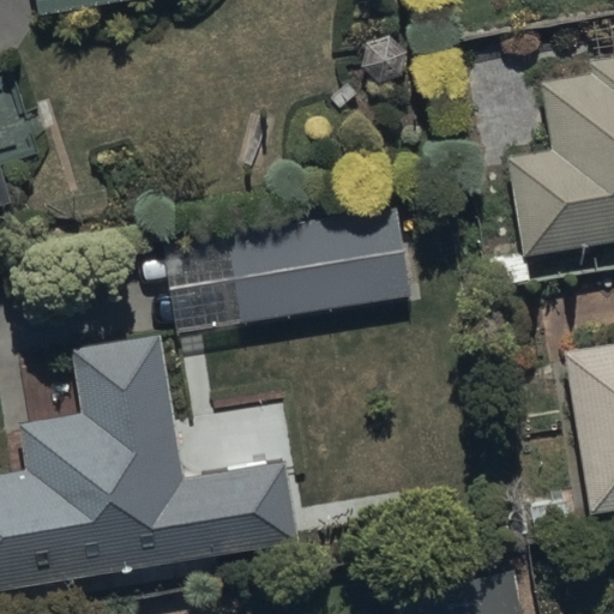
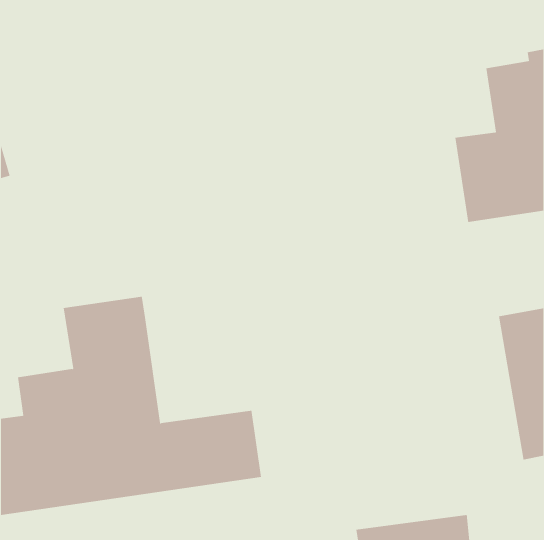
building: [158,211,410,331] -> none

